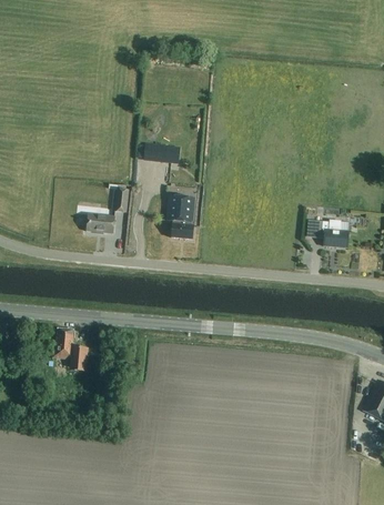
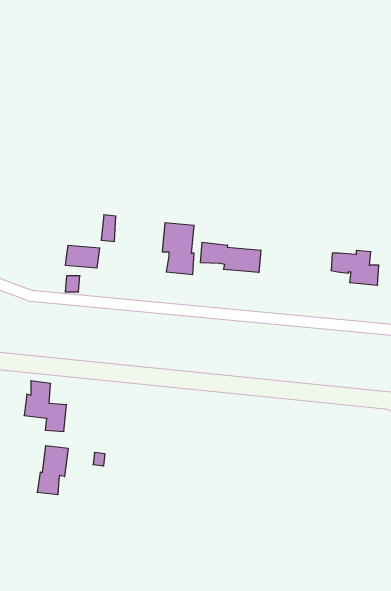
building: none -> [201,242,261,273]
building: none -> [37,446,68,495]

